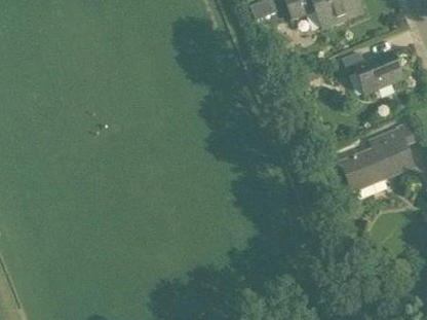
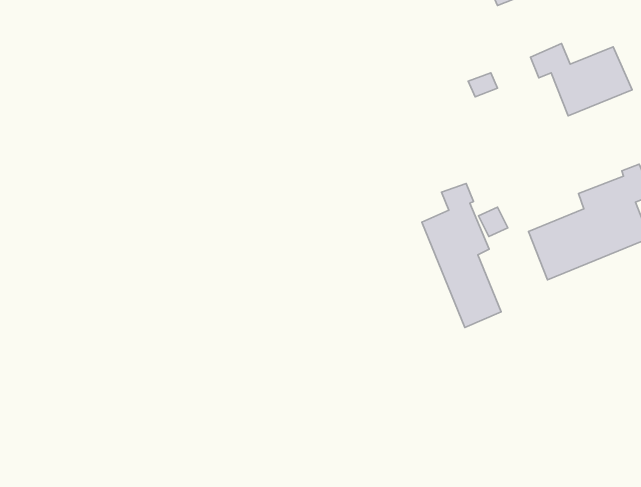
building: none -> [422,184,501,327]

